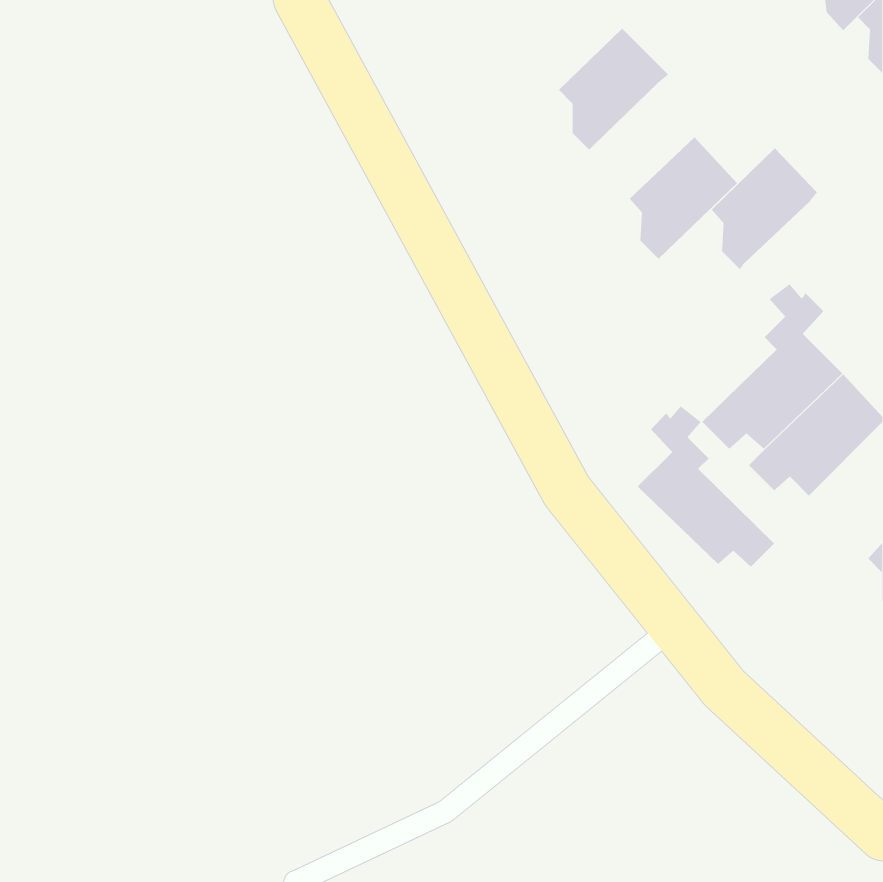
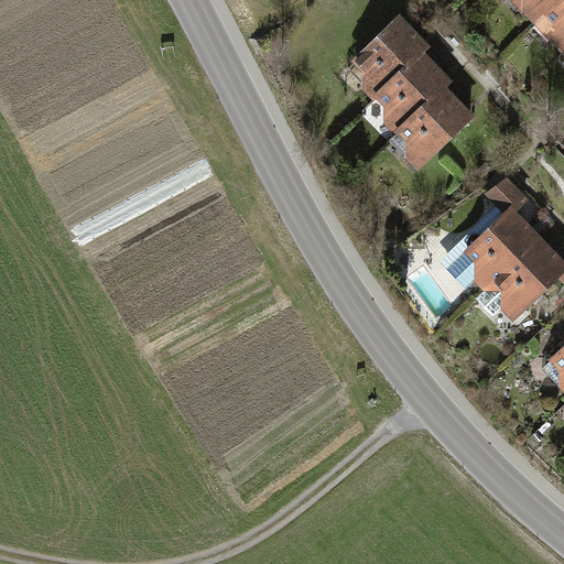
building: [711,147,818,270] -> [379,53,447,131]
building: [637,406,775,568] -> none

